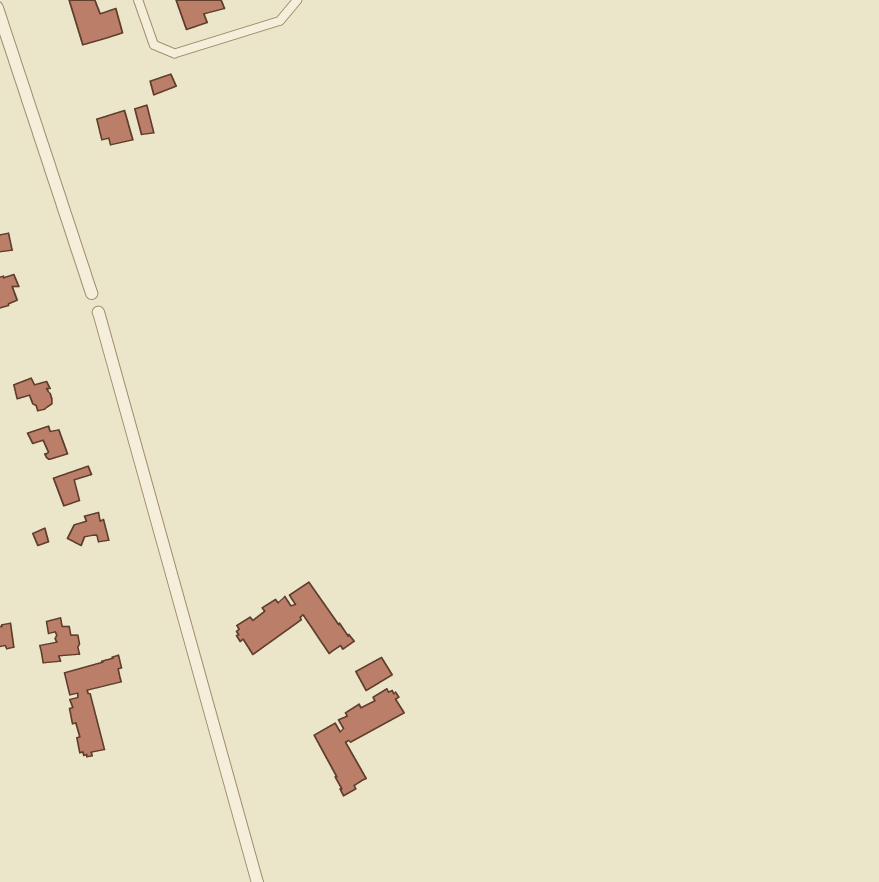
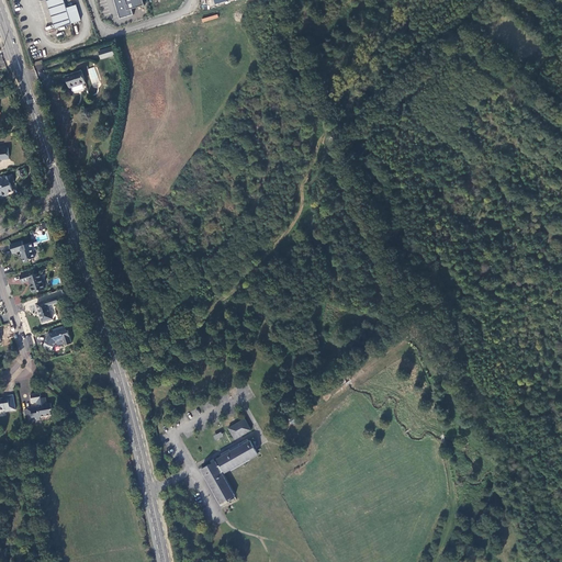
building: [236,582,354,655] -> none
building: [65,655,121,757] -> none

